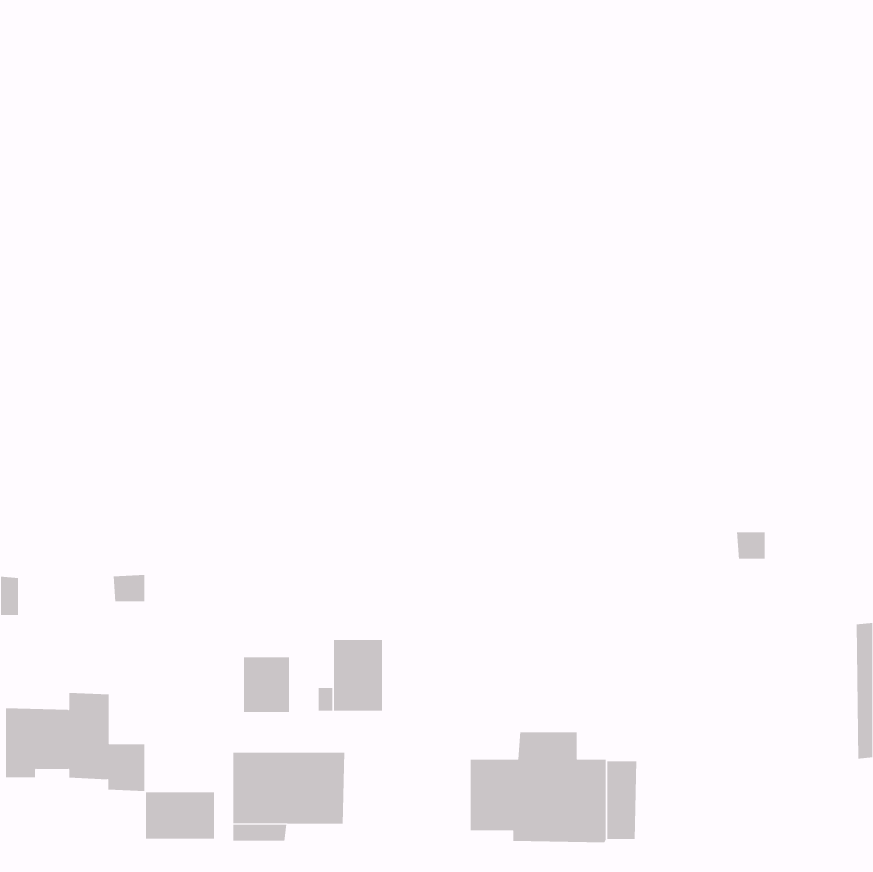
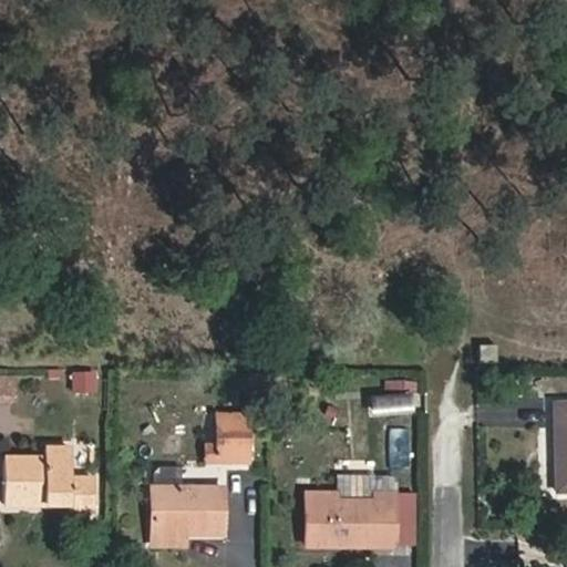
building: [243,656,290,713] -> none
building: [146,791,215,840] -> none

